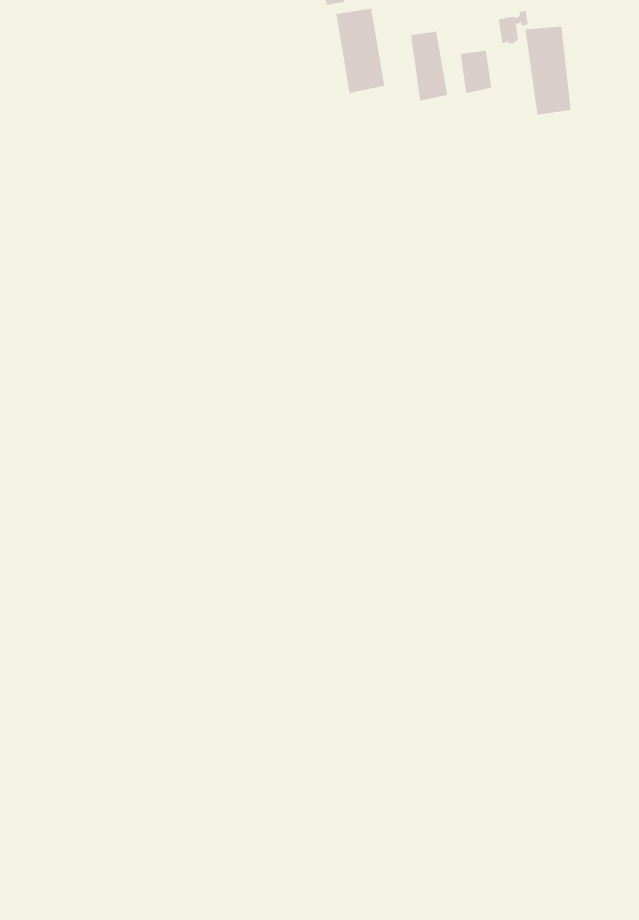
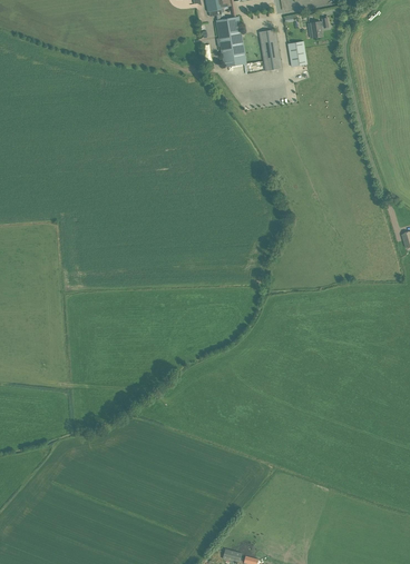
building: [524,26,571,115] -> none

